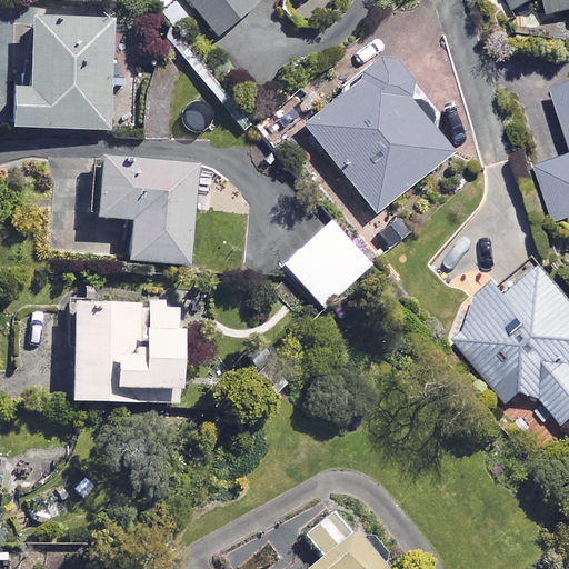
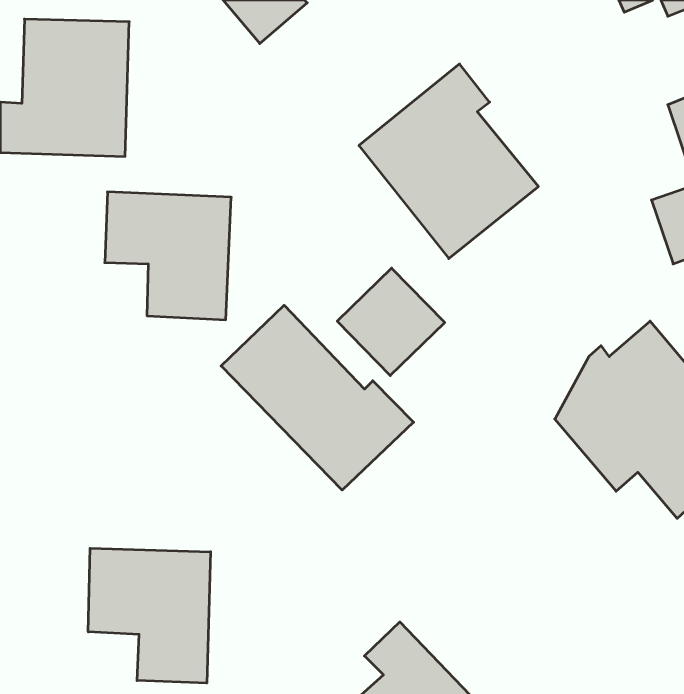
building: none -> [221,305,414,490]
building: [69,299,184,402] -> none
building: none -> [88,548,211,683]

